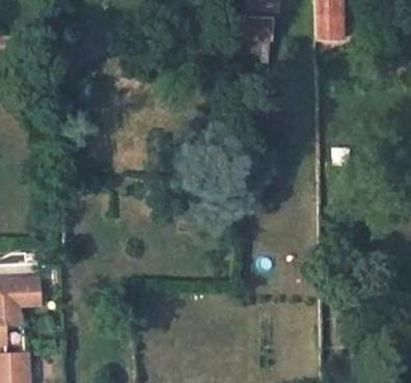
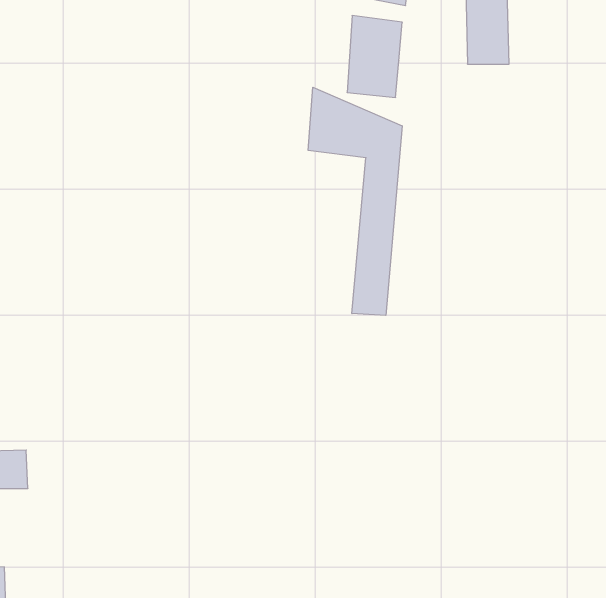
building: none -> [308,87,402,315]

